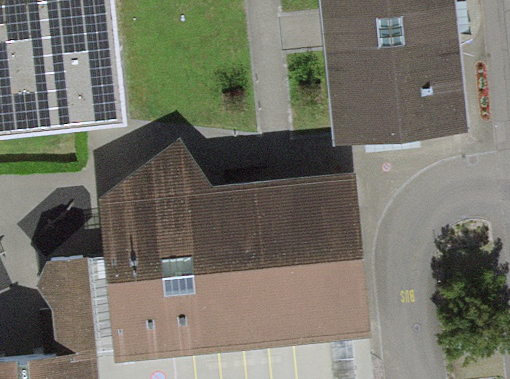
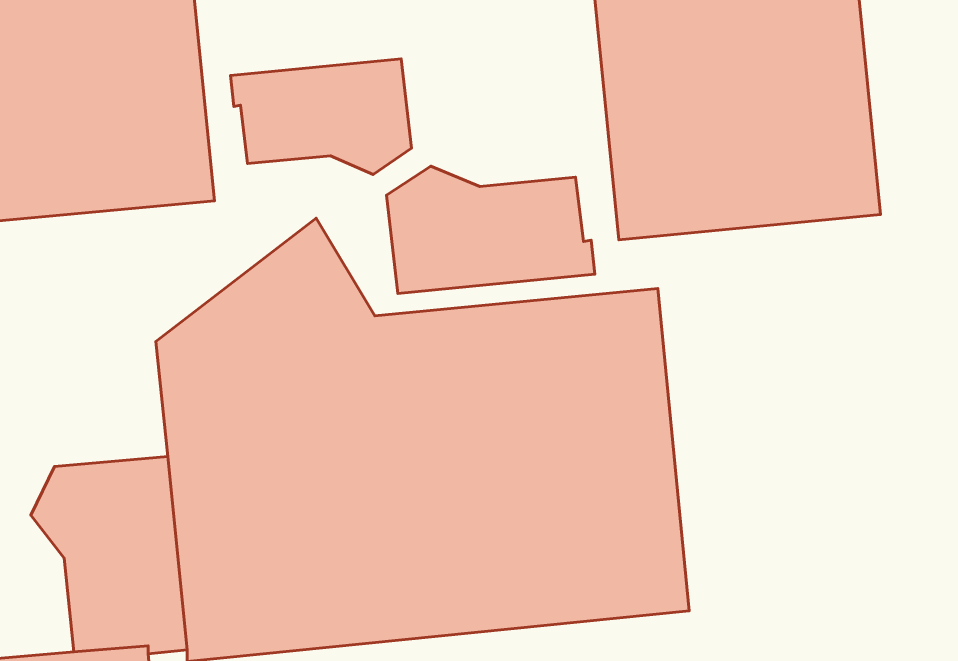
building: none -> [231,59,411,174]
building: none -> [386,166,595,294]

